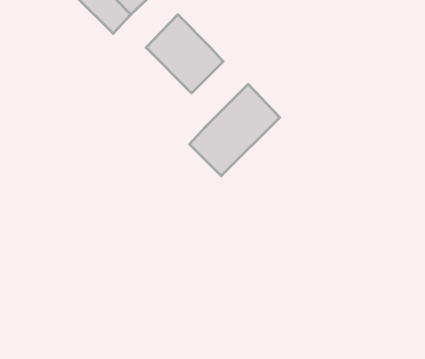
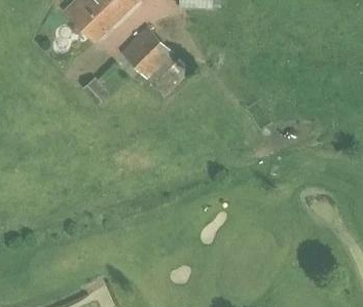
building: [190,84,280,176] -> none

